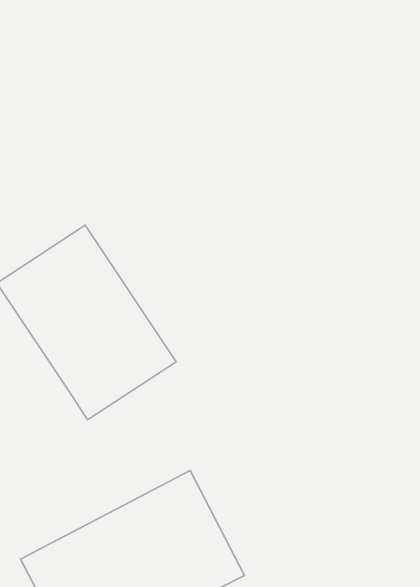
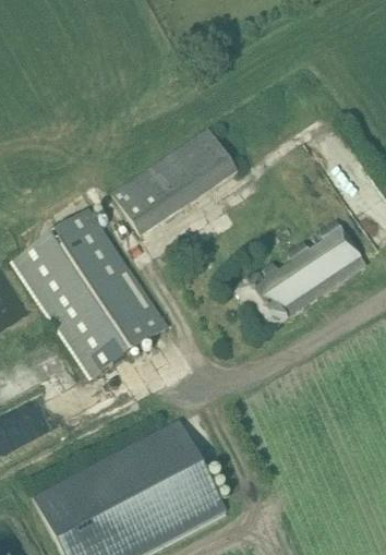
building: none -> [112,129,242,234]
building: none -> [233,221,364,334]

